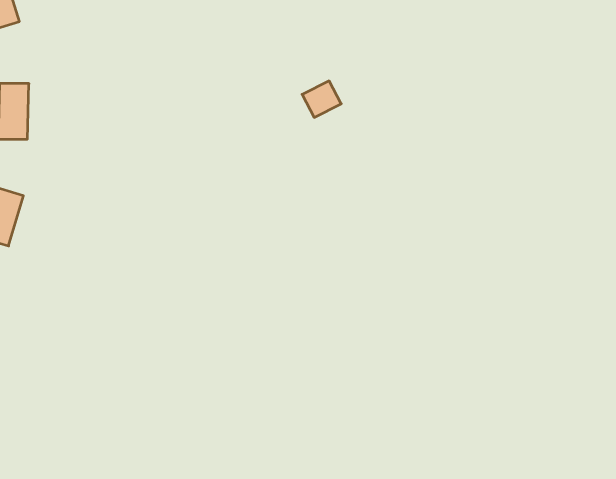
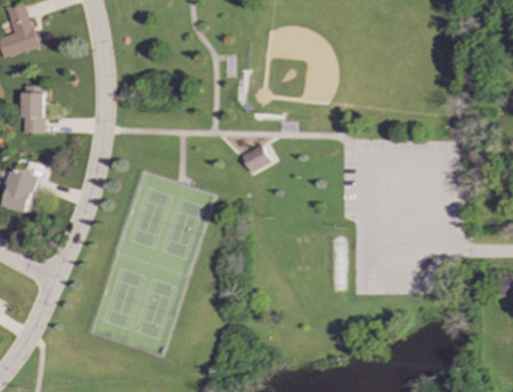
building: [302,81,341,117] -> [240,145,269,172]

